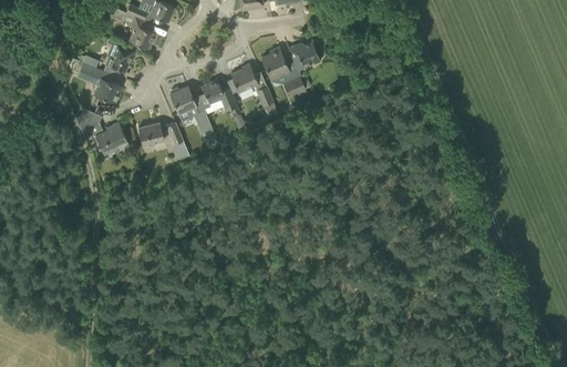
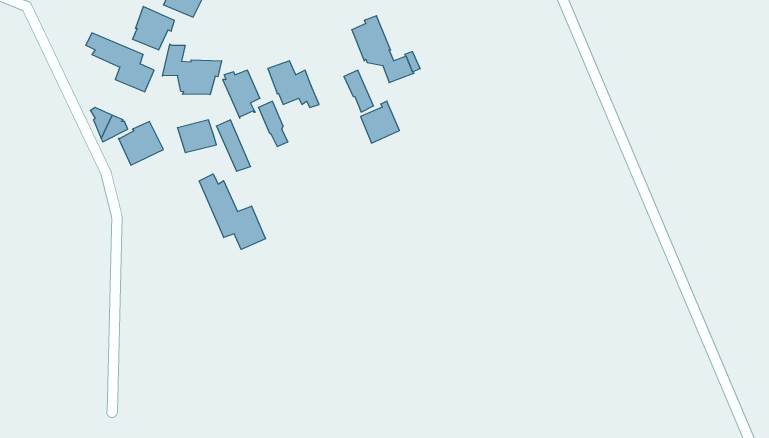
building: [288,41,320,70] -> none
building: [230,63,258,93] -> [361,101,399,143]
building: none -> [162,44,222,95]
building: none -> [199,174,265,249]

